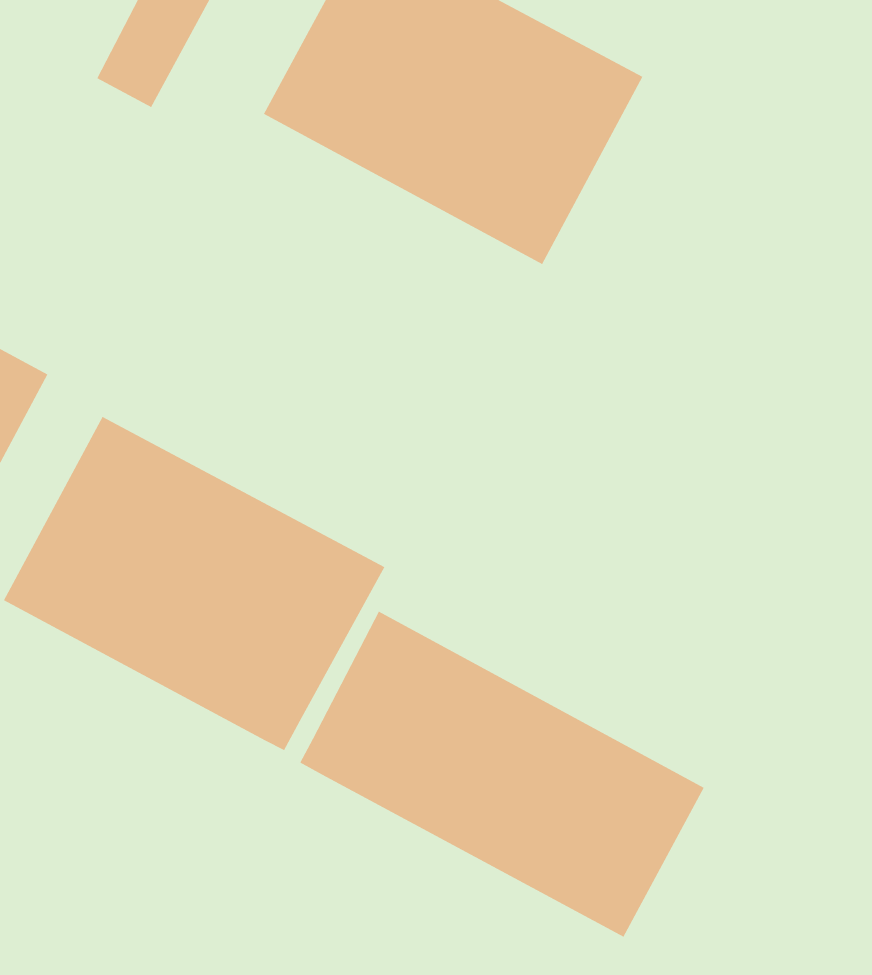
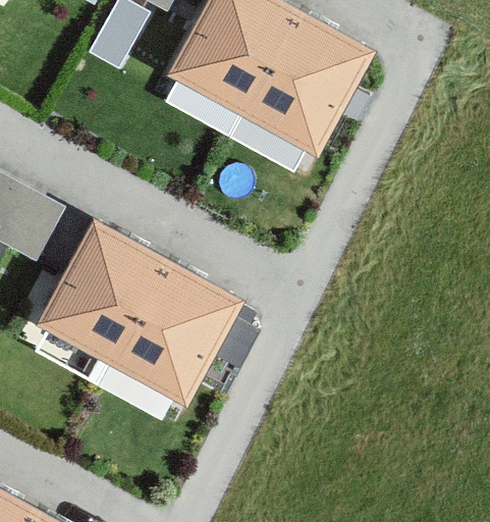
building: [299,611,705,938] -> none

